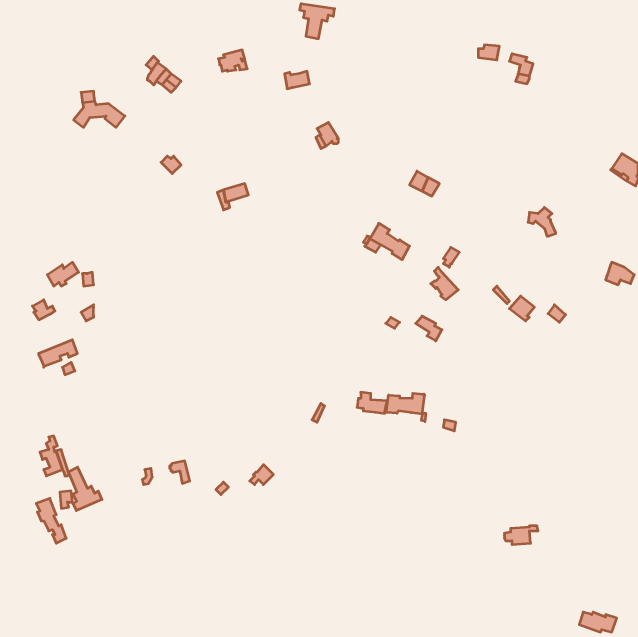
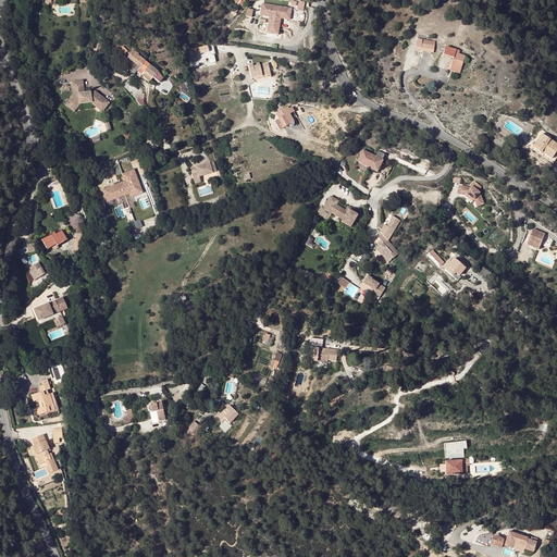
building: none -> [104,170,141,199]
building: [386,393,426,422] -> none
building: [68,467,102,511] -> none

